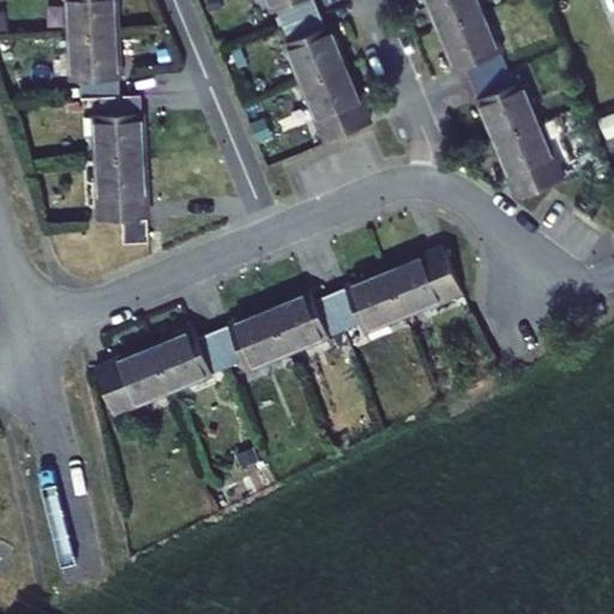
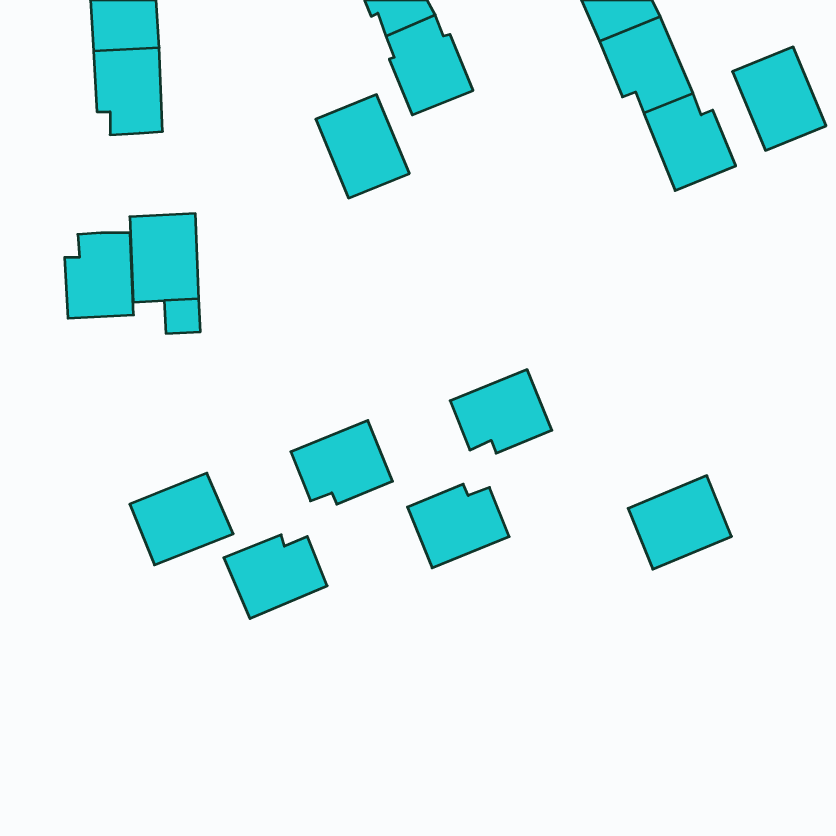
building: [301,68,369,144] -> [316,95,409,198]
building: [92,98,143,161] -> [65,233,134,318]
building: [493,124,561,199] -> [732,47,826,150]
building: [385,248,460,317] -> [628,476,732,569]
building: [269,293,343,354] -> [407,484,509,568]
building: [151,331,227,392] -> [224,535,327,619]

